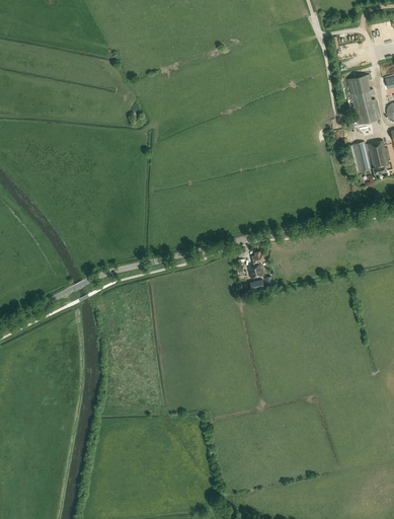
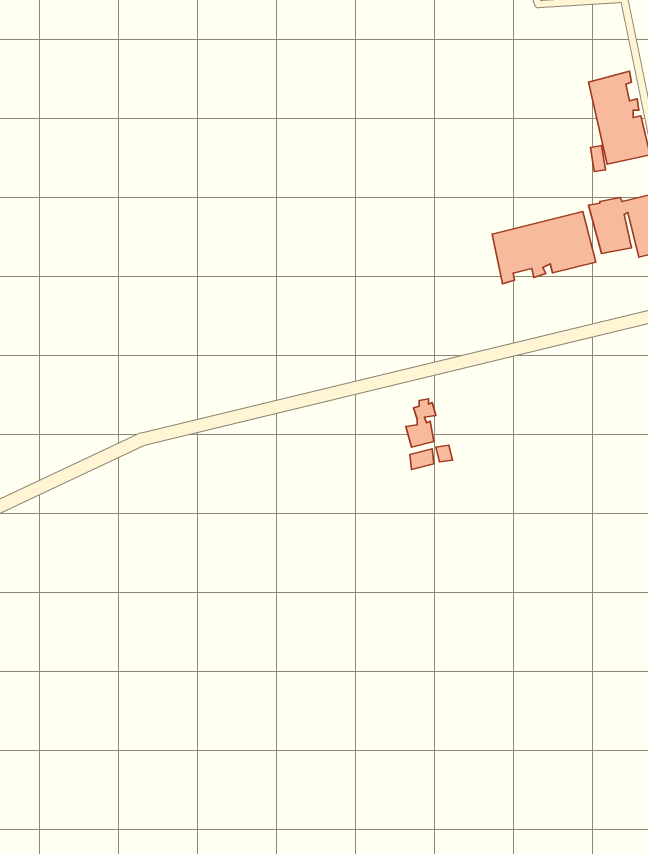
building: none -> [492,212,596,284]

